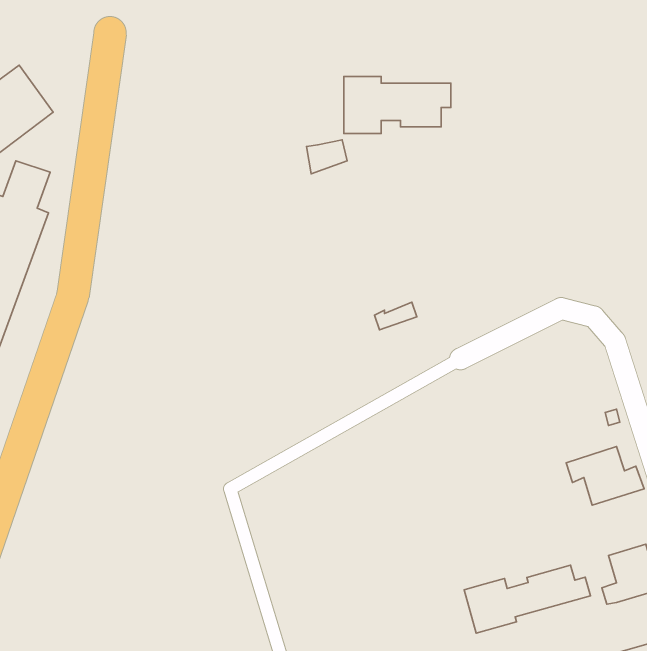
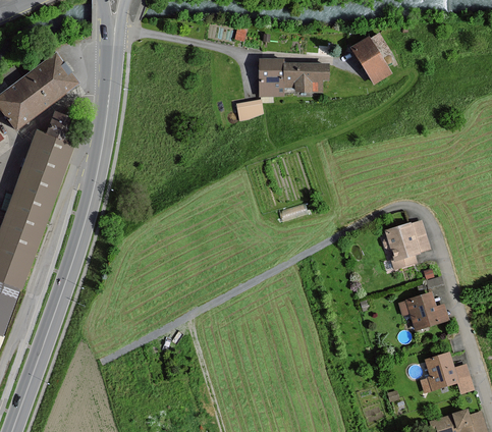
building: none -> [350,37,390,84]
building: none -> [381,222,428,269]
building: [464,565,590,633] -> none

